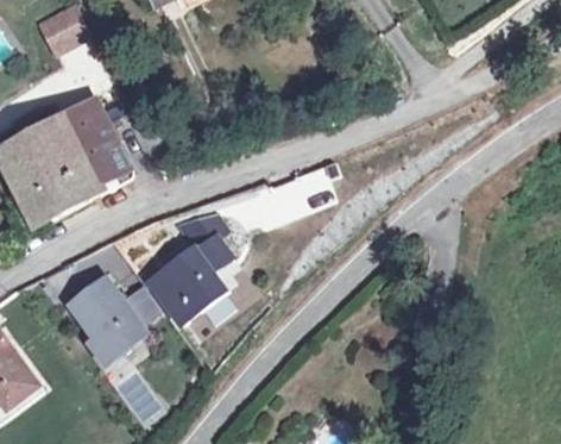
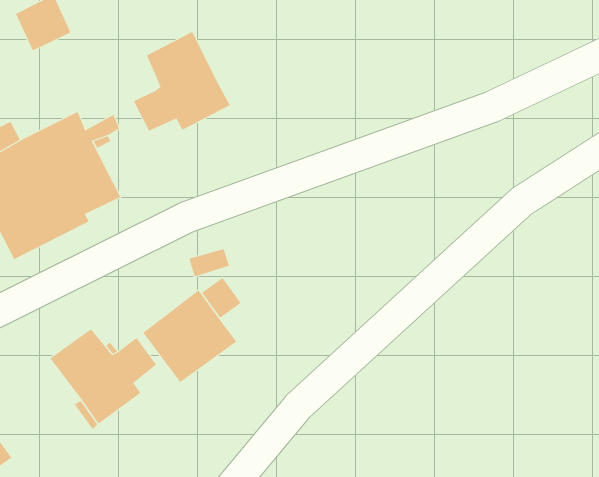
building: none -> [133,31,230,132]

